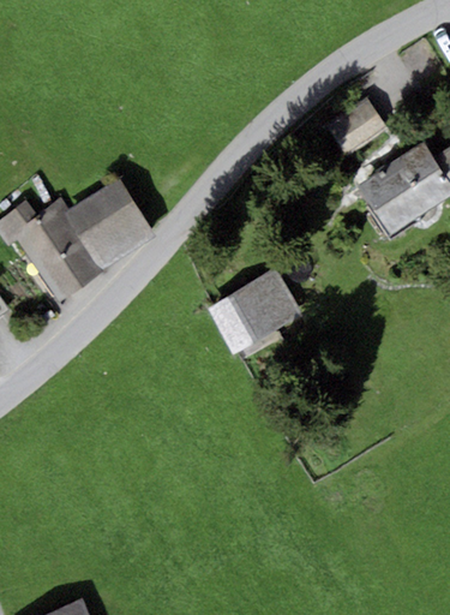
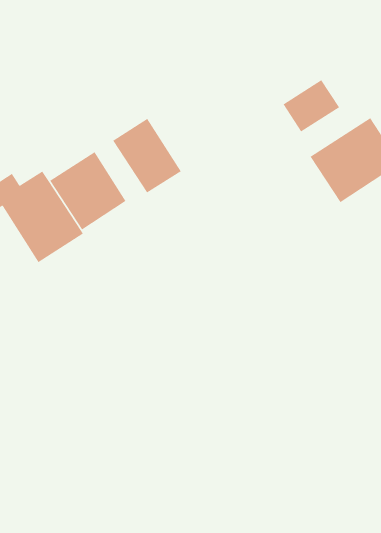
building: none -> [112,118,182,193]
building: [205,269,300,354] -> none

